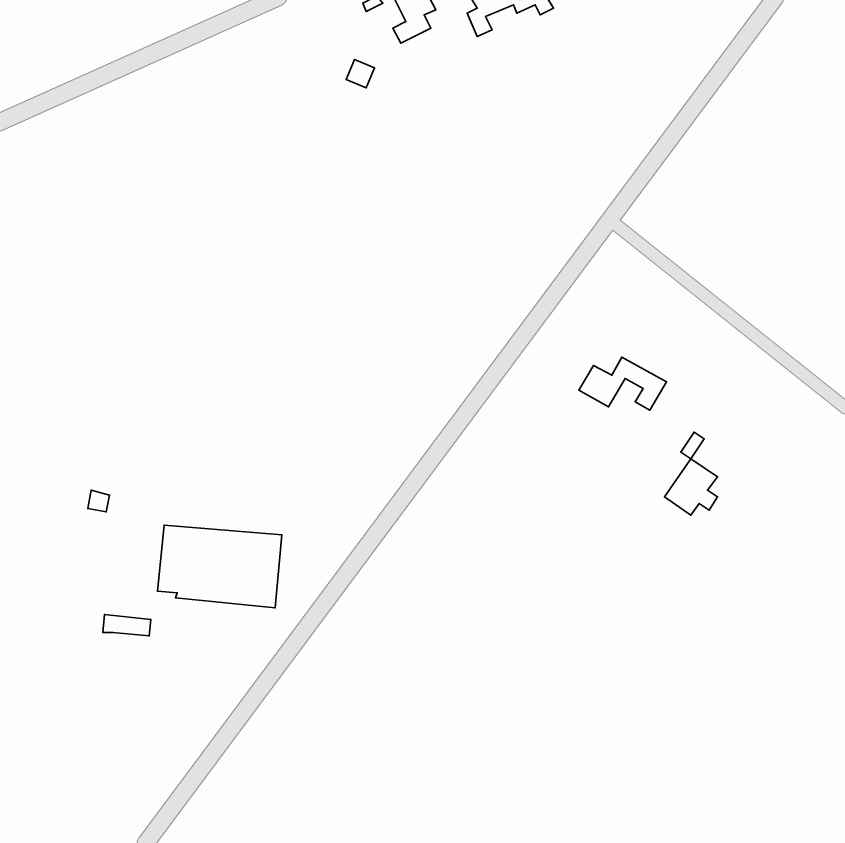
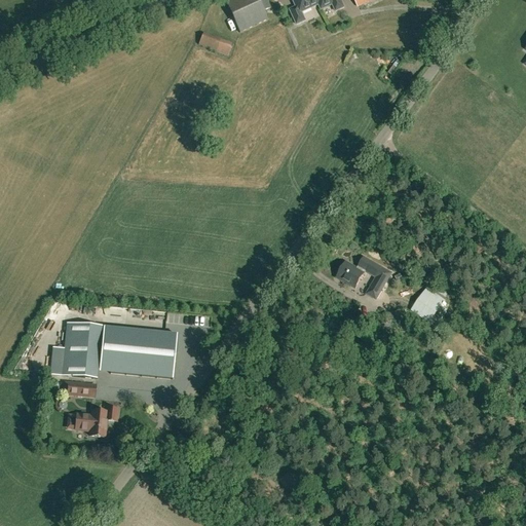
building: [579,357,666,410] -> [336,256,390,289]
building: none -> [61,322,102,377]
building: none -> [75,409,107,436]

